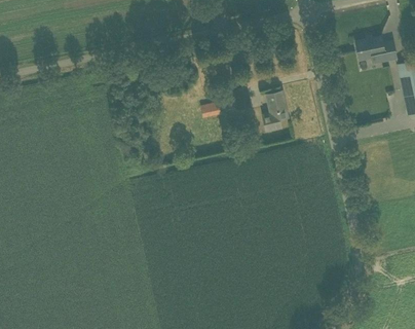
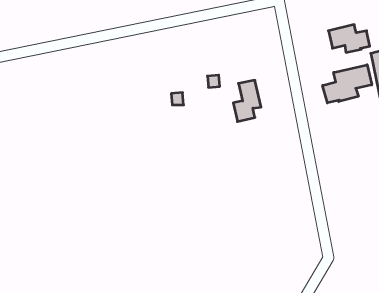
building: none -> [323,65,372,103]

